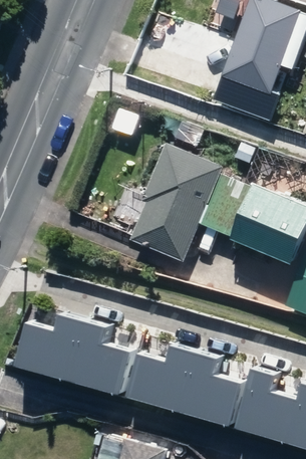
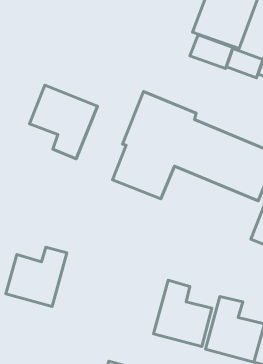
building: none -> [30,85,97,159]
building: [65,320,129,394] -> none
building: [125,345,193,410] -> none

